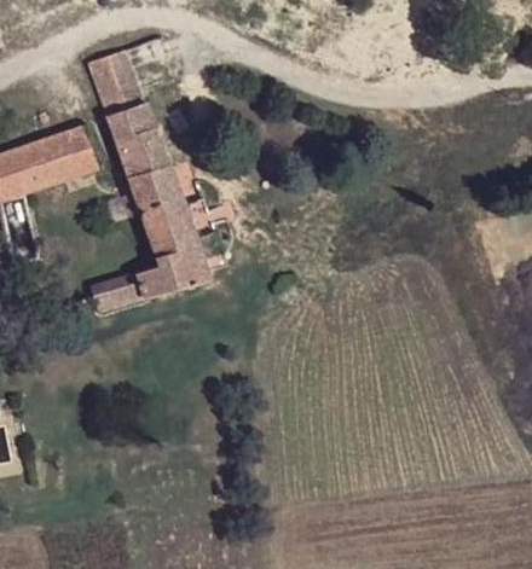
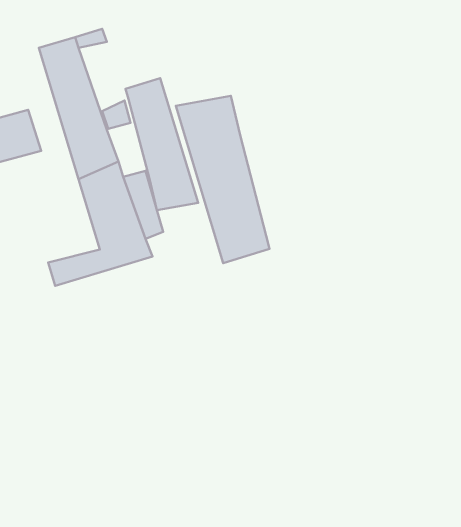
building: none -> [126,78,198,210]
building: none -> [176,96,270,263]

